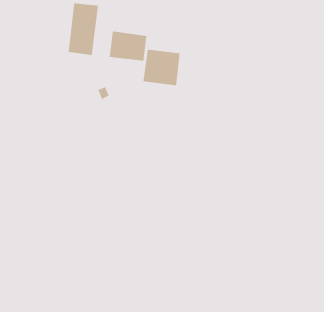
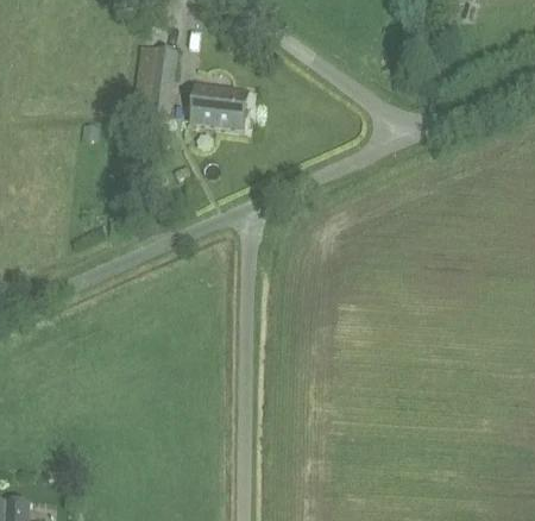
building: [143,49,180,86] -> none

